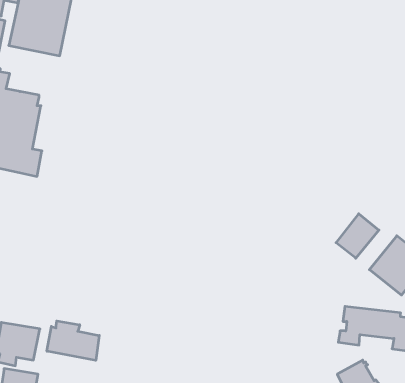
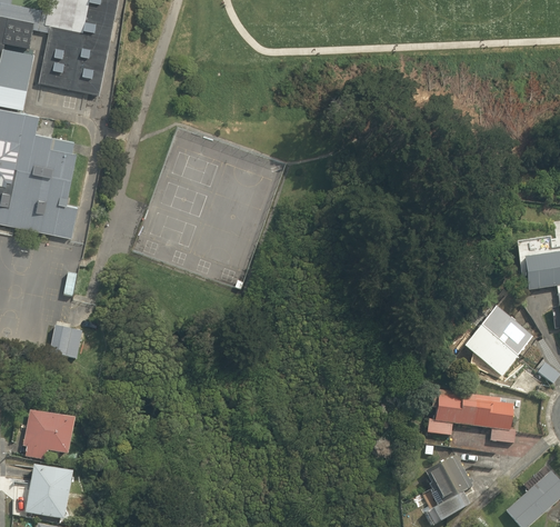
building: [336,214,379,258] -> none
building: none -> [48,326,81,359]
building: [47,321,99,360] -> none

